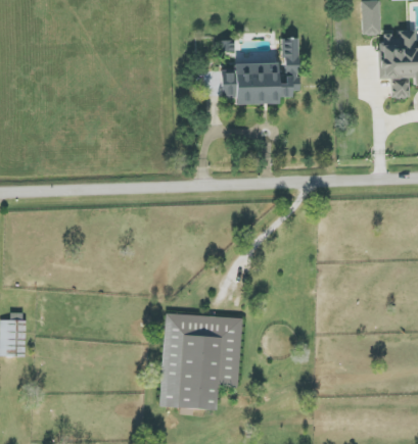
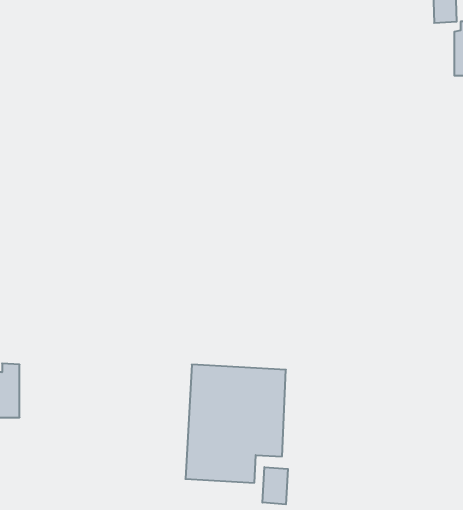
building: [221,37,299,104] -> none
building: none -> [262,467,288,504]

